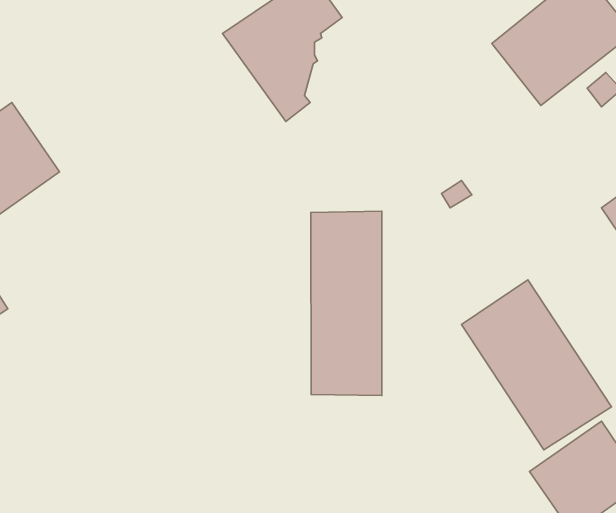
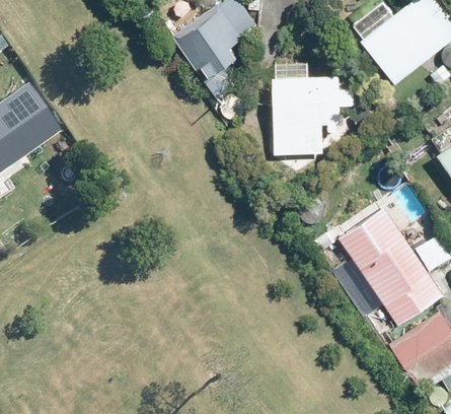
building: none -> [274,64,354,154]
building: [311,211,382,396] -> none

